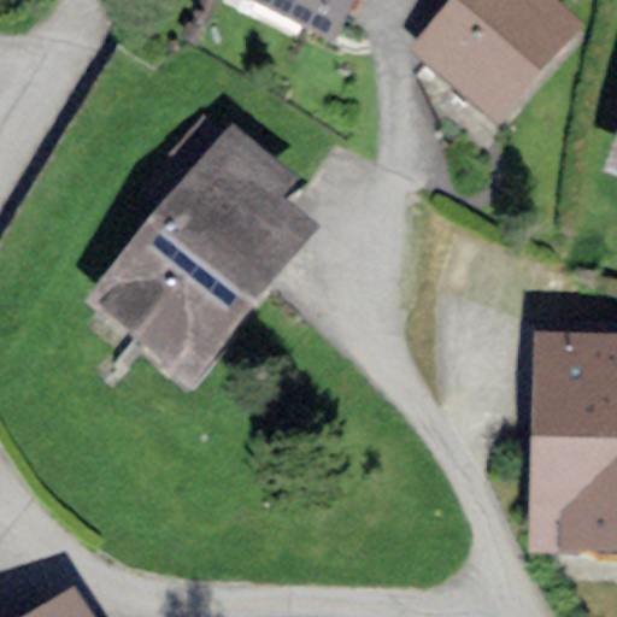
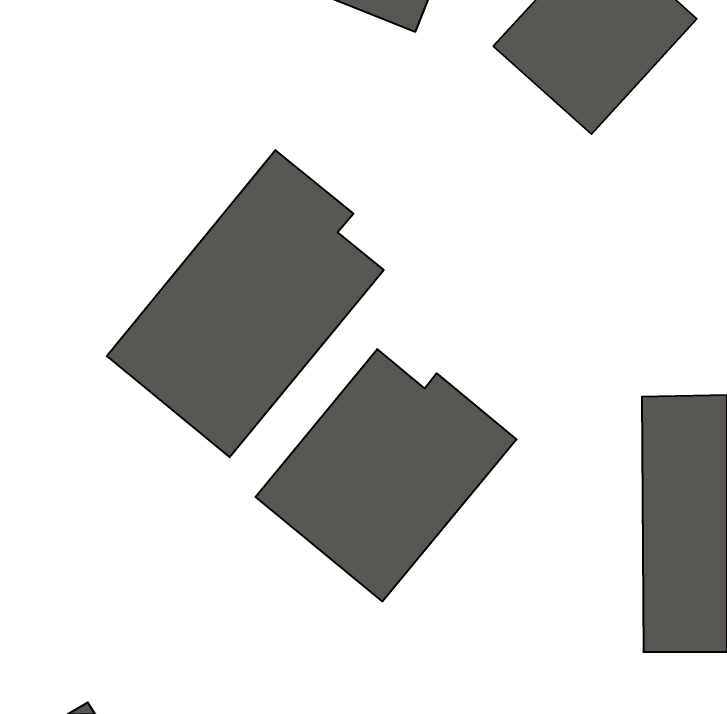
building: none -> [255,349,517,601]

